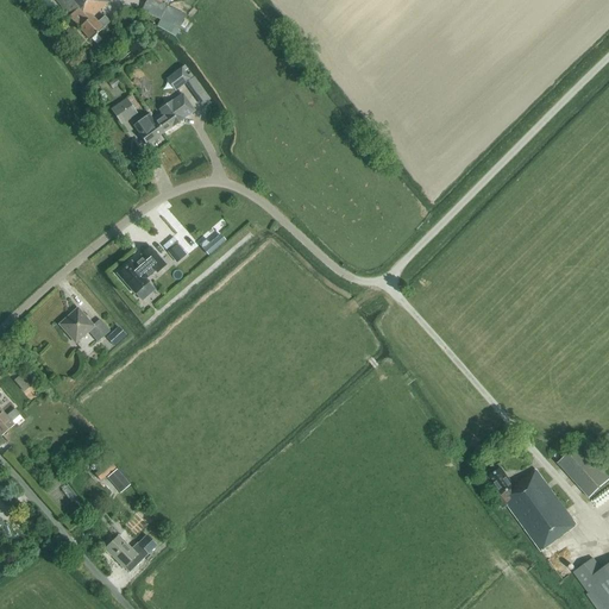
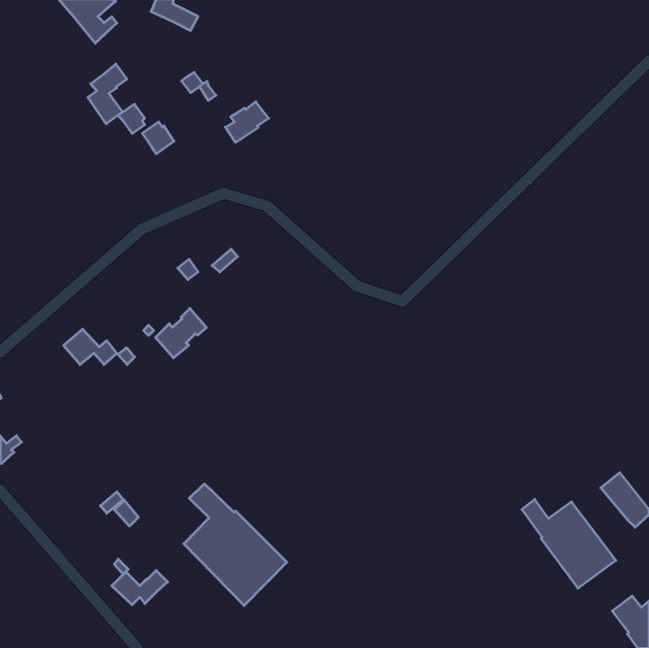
building: none -> [88,64,127,124]
building: [153,94,194,132] -> [225,102,269,142]
building: [118,246,165,293] -> [156,308,206,358]
building: none -> [184,484,287,606]

